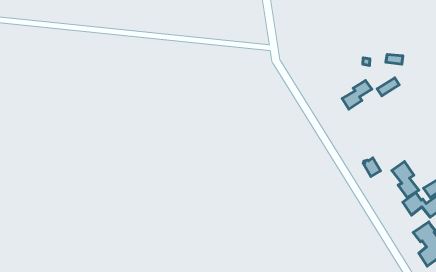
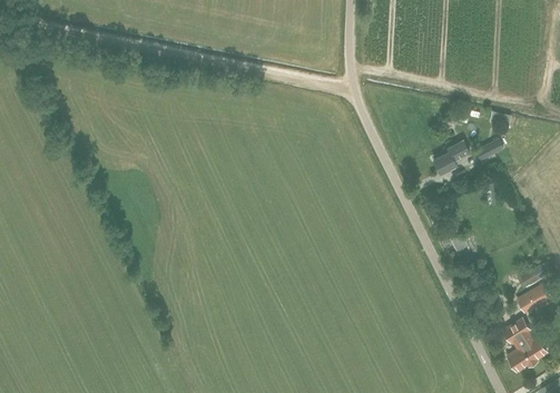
building: [392,161,419,198] -> none

